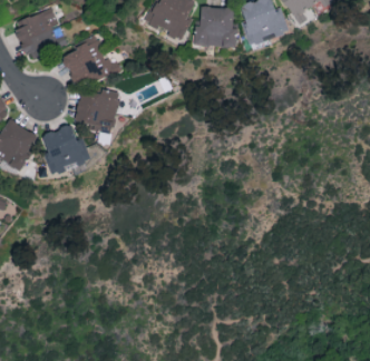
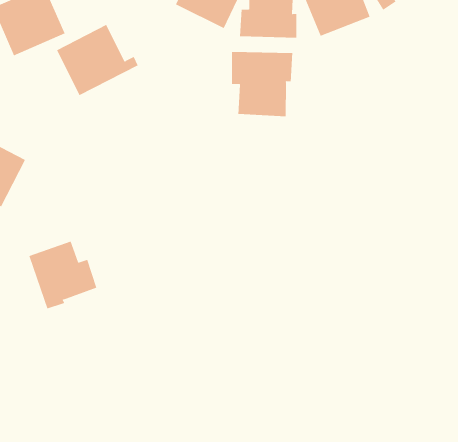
building: none -> [231,51,293,117]
building: [74,88,119,134] -> none
building: [39,124,89,174] -> [28,241,97,309]

